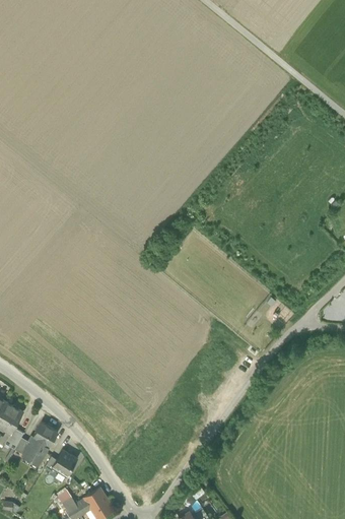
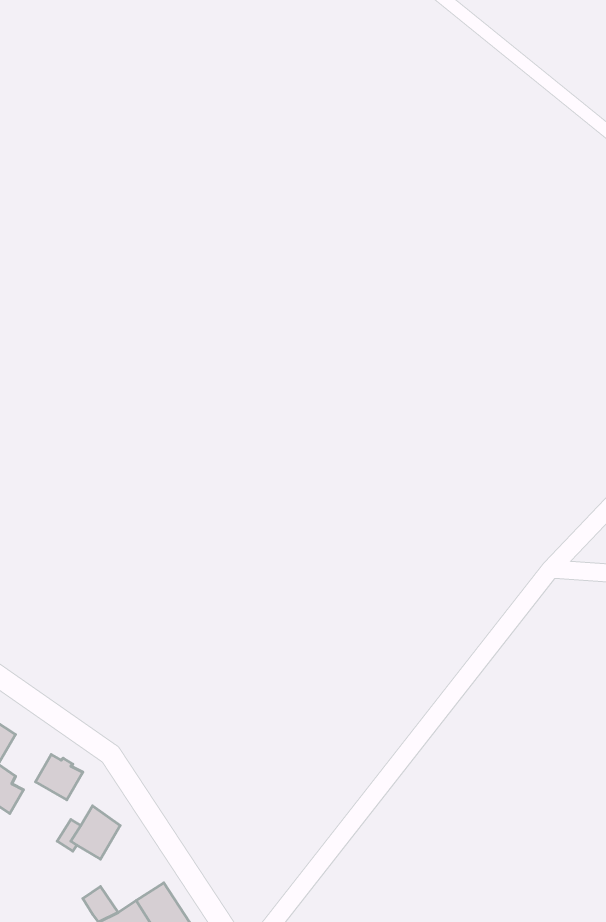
building: [20,438,50,465] -> none

